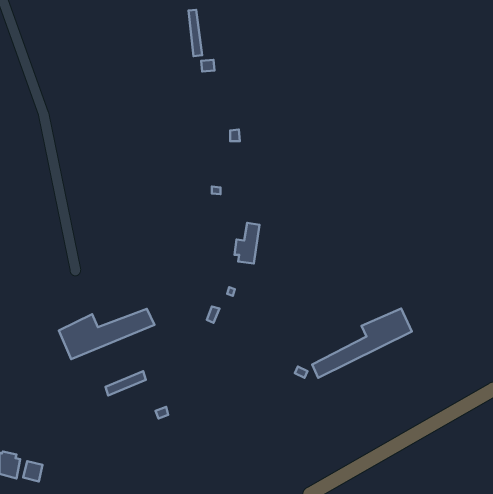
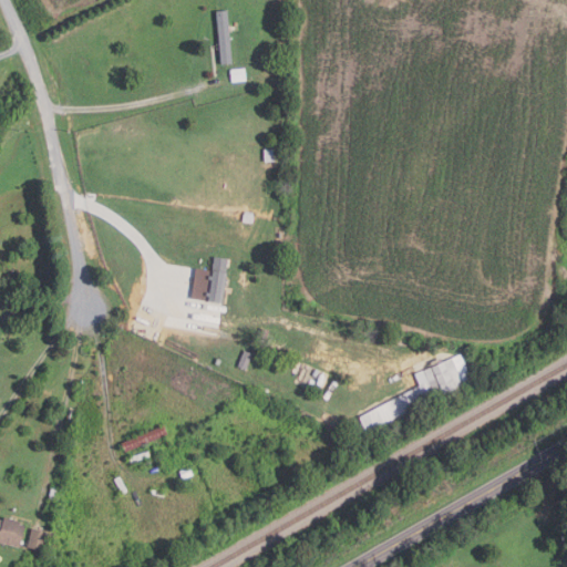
building: [234,223,260,264] -> [199,257,228,303]
building: [59,309,154,359] -> none

